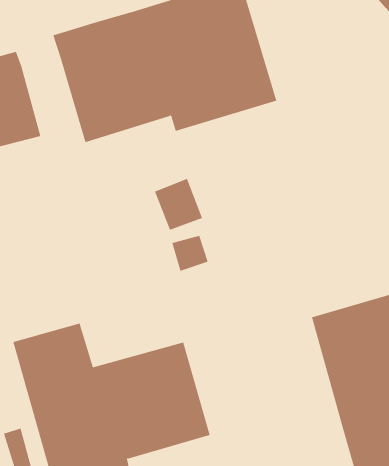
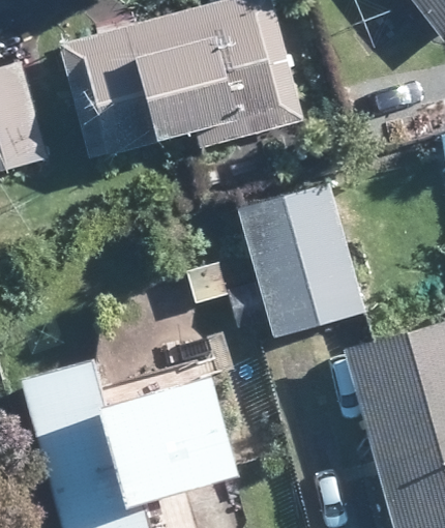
building: none -> [235,183,366,339]

